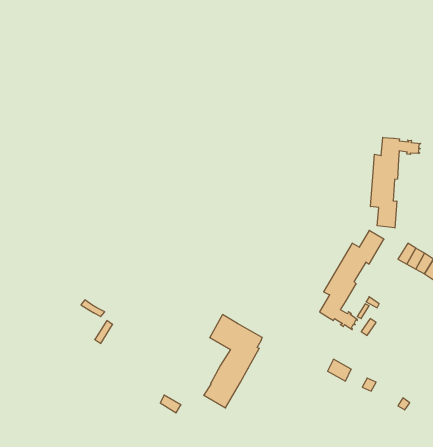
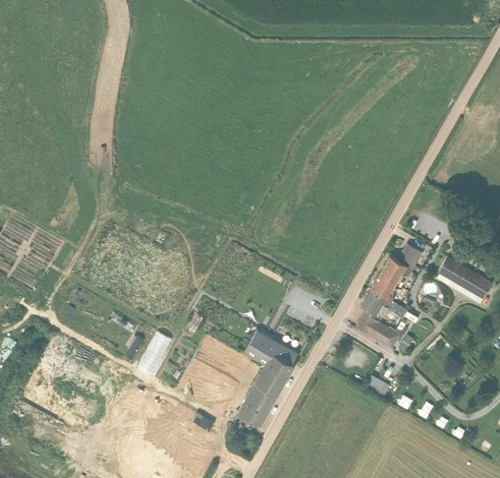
building: [371,137,421,228] -> none

